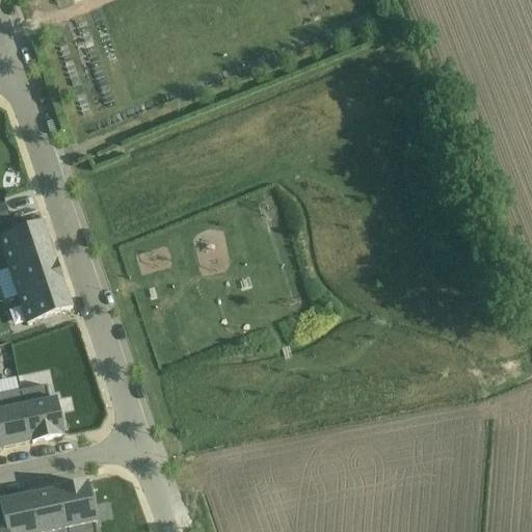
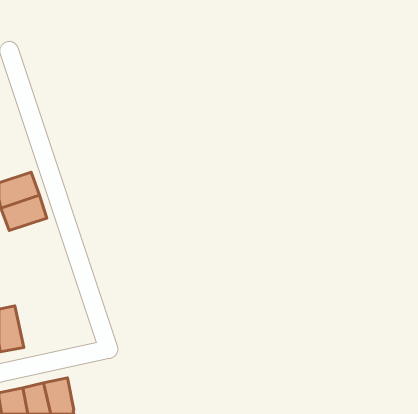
building: [11,276,69,321] -> none
building: [19,382,61,441] -> none

